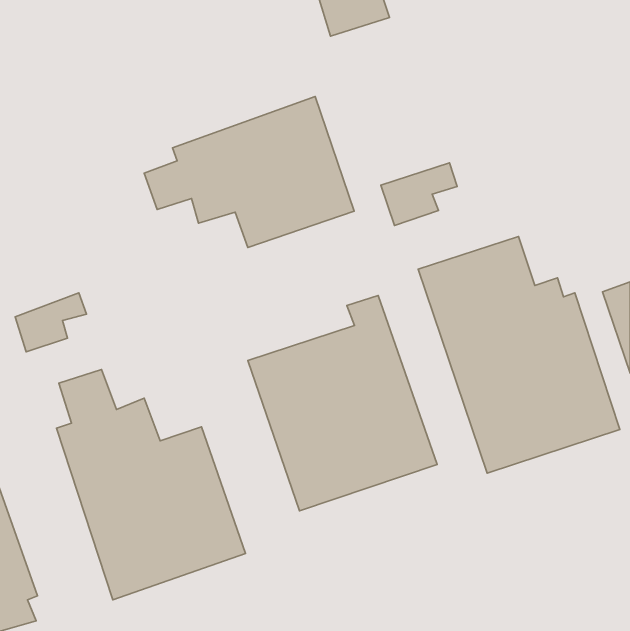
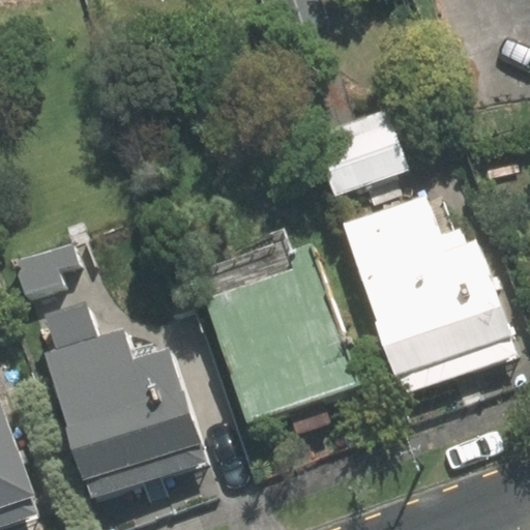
building: [144,97,354,247] -> none

